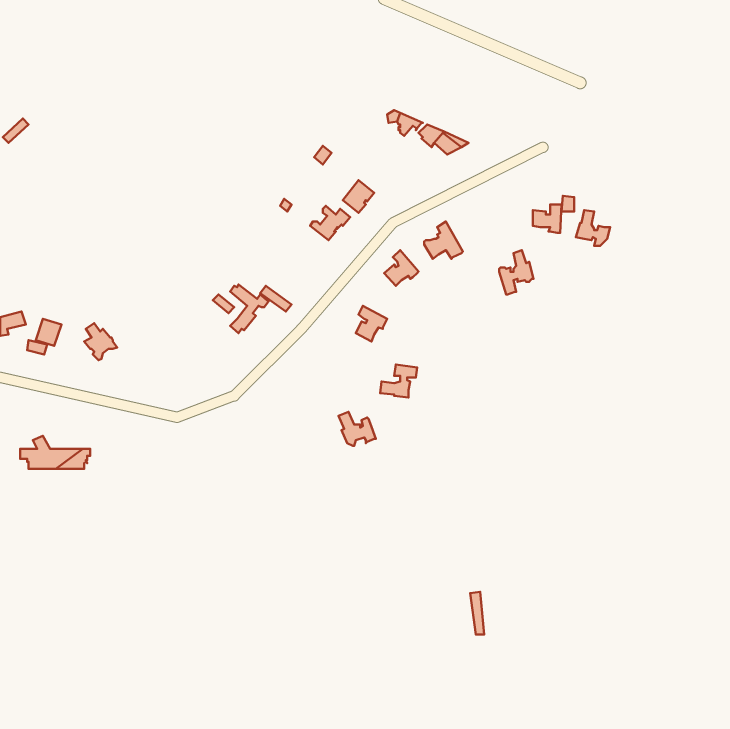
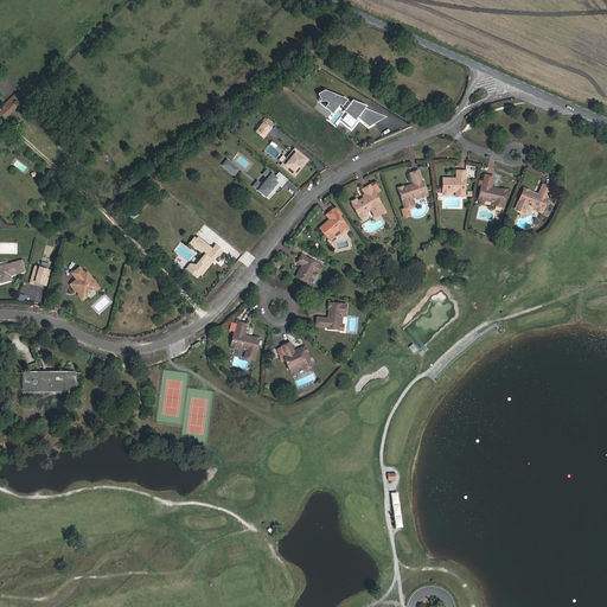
building: none -> [516,184,551,211]
building: [499,250,533,295] -> [398,170,427,206]
building: none -> [225,321,258,358]

